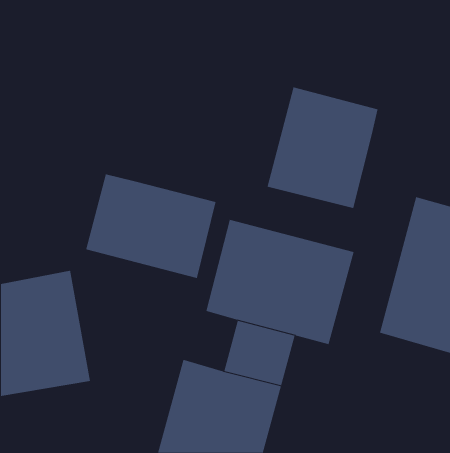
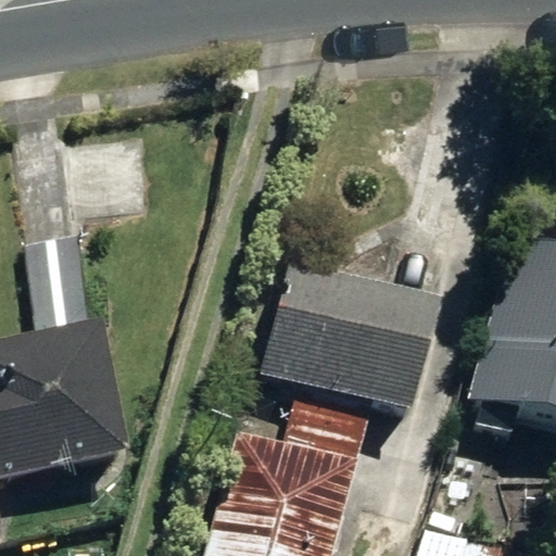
building: [267,86,378,209] -> none
building: [85,174,216,279] -> none

